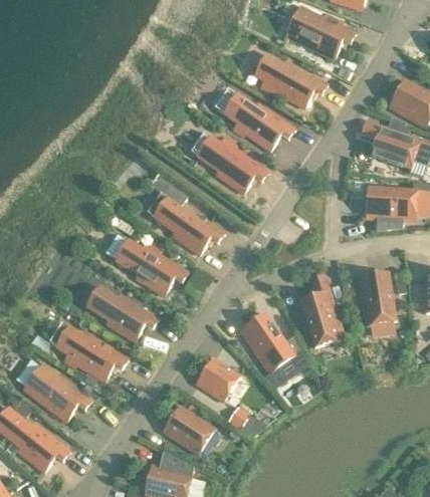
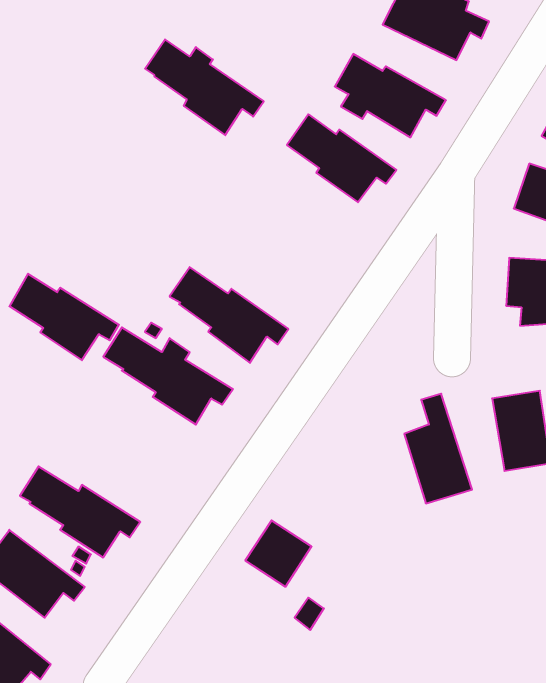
building: [191,131,268,193] -> [145,39,264,135]
building: [86,284,158,340] -> [9,274,119,360]
building: [239,312,302,372] -> none
building: [163,402,214,453] -> none

